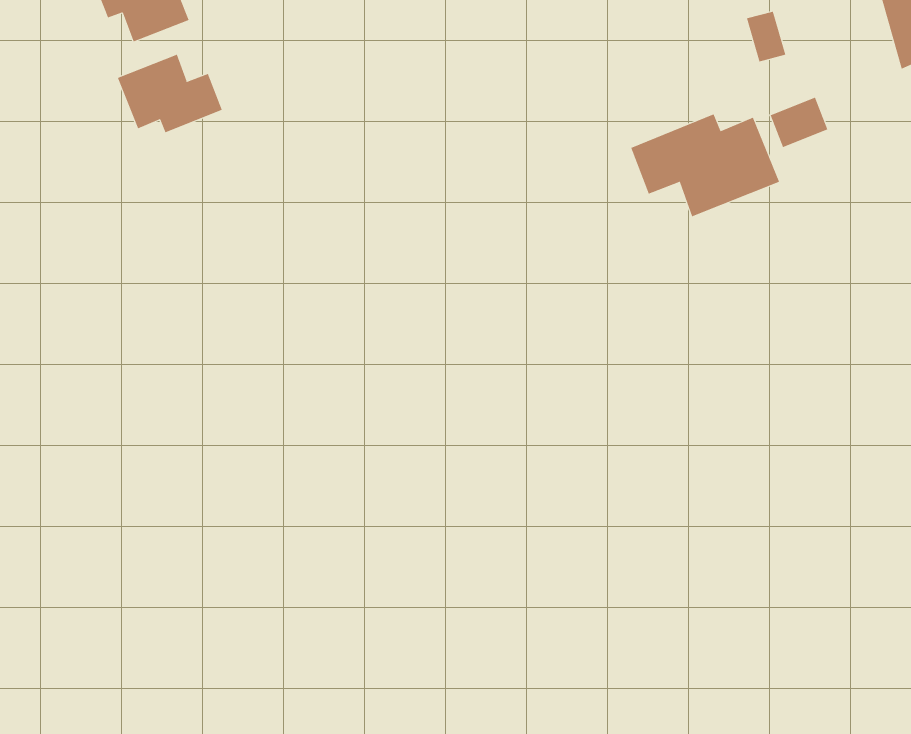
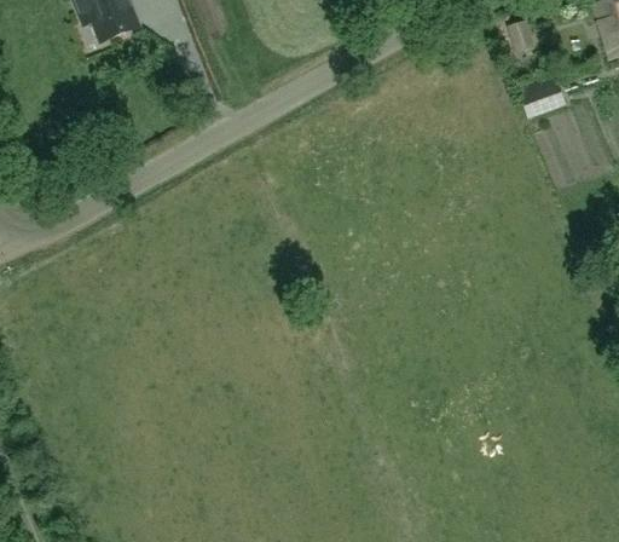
building: [117,54,222,133] -> none
building: [630,114,780,217] -> none

